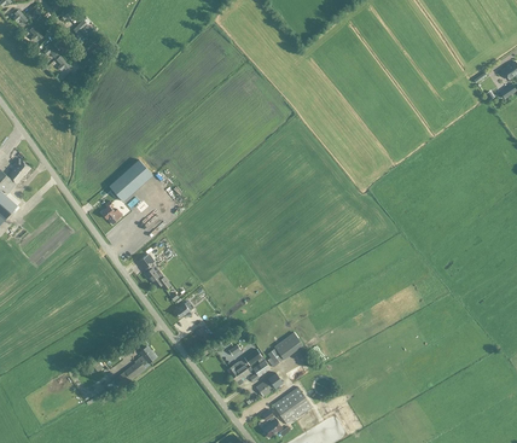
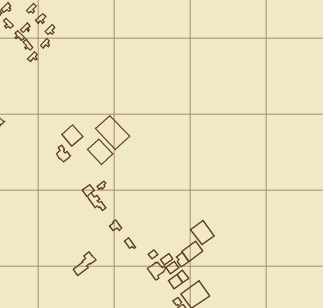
building: none -> [95,116,130,150]
building: none -> [190,220,214,245]

